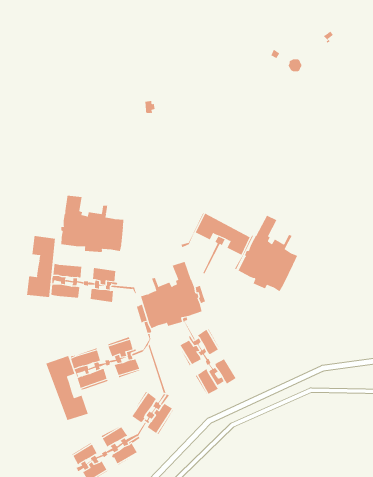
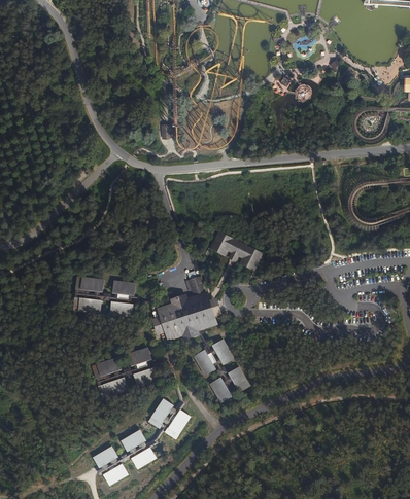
building: [61,195,124,253] -> none
building: [238,215,298,292] -> none
building: [27,235,56,298] -> none
building: [46,355,89,421] -> none

